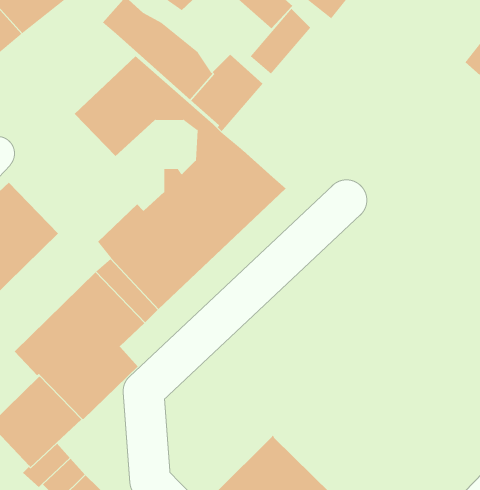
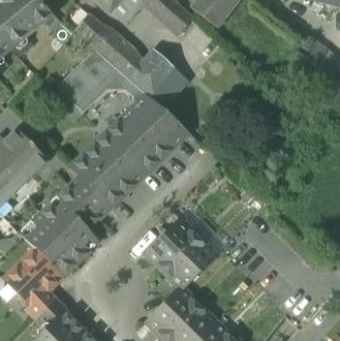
building: [250,8,311,74] -> [149,67,187,109]
building: none -> [145,218,216,287]

